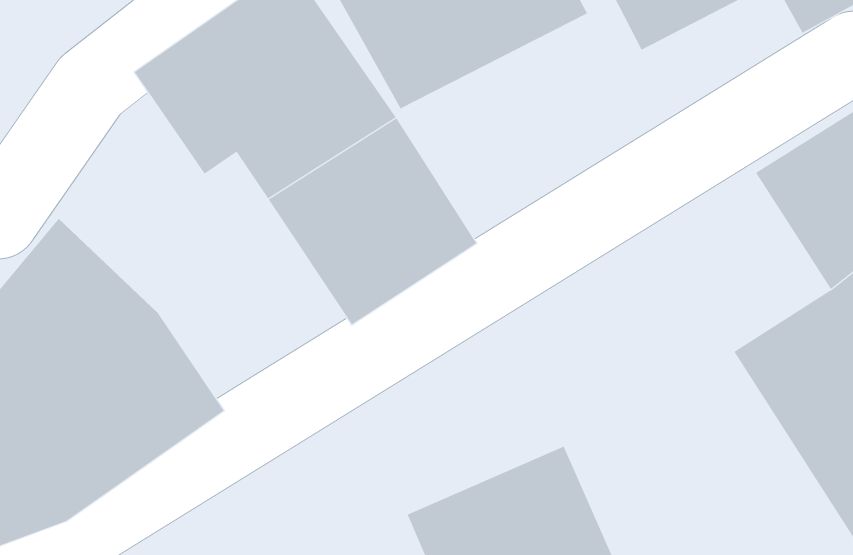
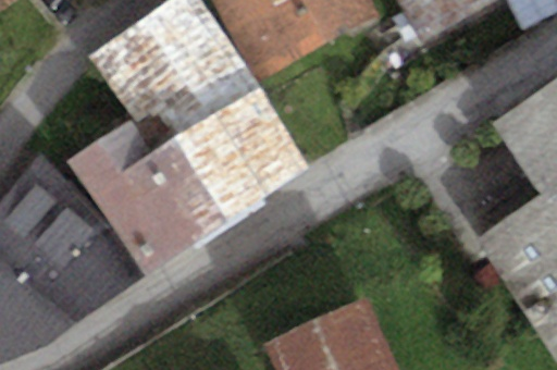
building: none -> [71,107,228,274]

